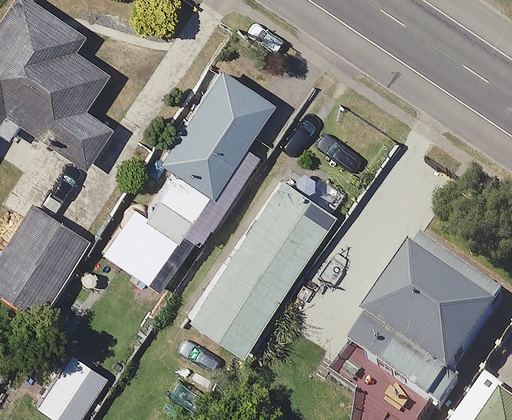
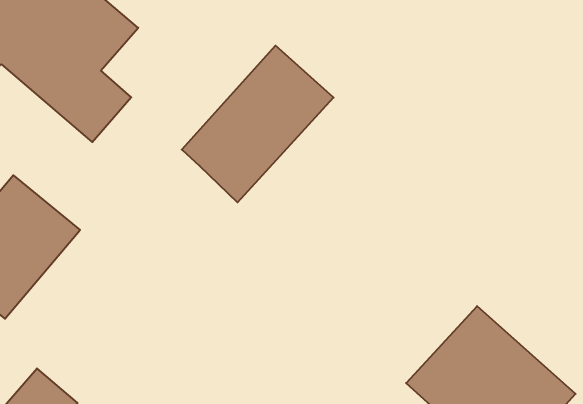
building: [104,177,211,289] -> none
building: [188,181,335,355] -> none

